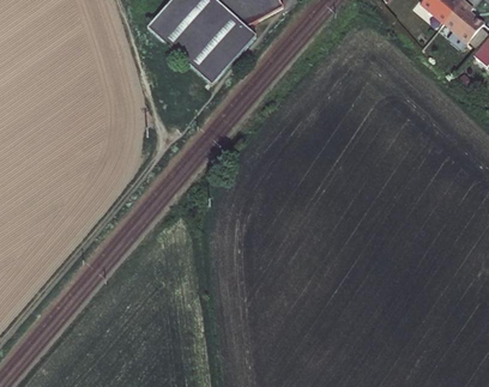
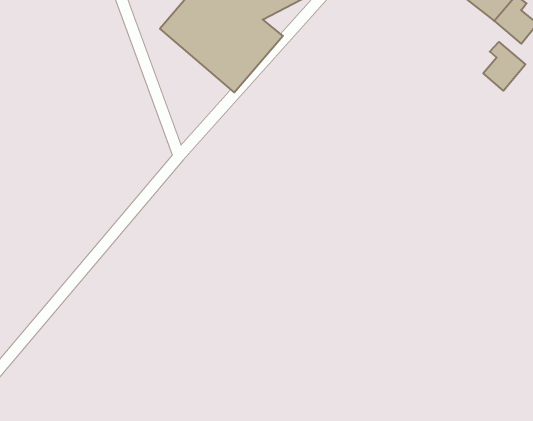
building: none -> [483,42,525,91]

